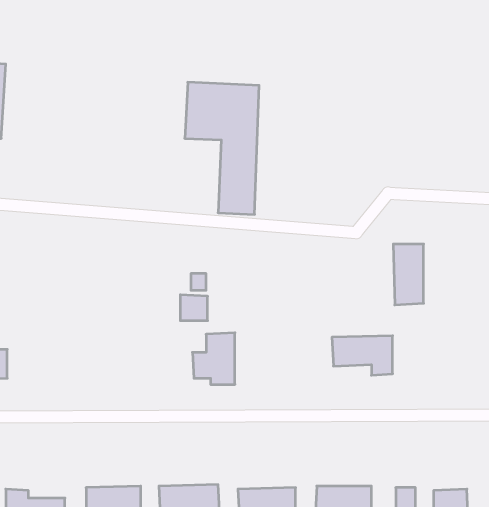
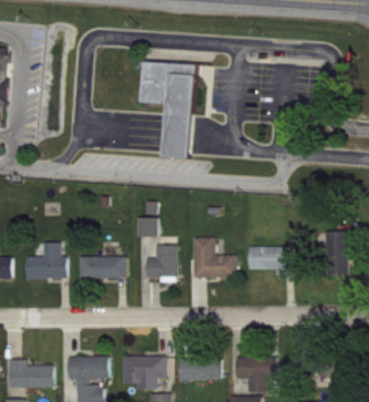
building: [393,244,424,305] -> [325,231,347,276]
building: none -> [192,237,235,278]
building: none -> [24,243,65,279]
building: none -> [78,256,124,279]

